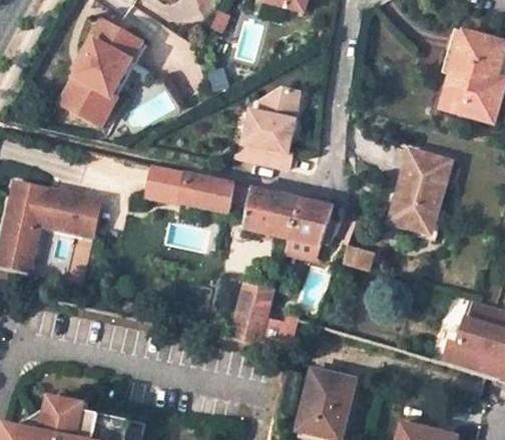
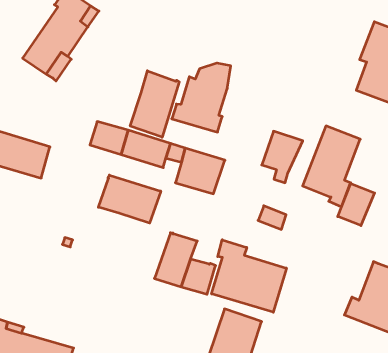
building: none -> [130,71,179,137]
building: [288,198,332,256] -> [262,131,303,183]
building: none -> [338,183,375,226]
building: none -> [98,175,161,223]
building: none -> [212,240,286,312]

